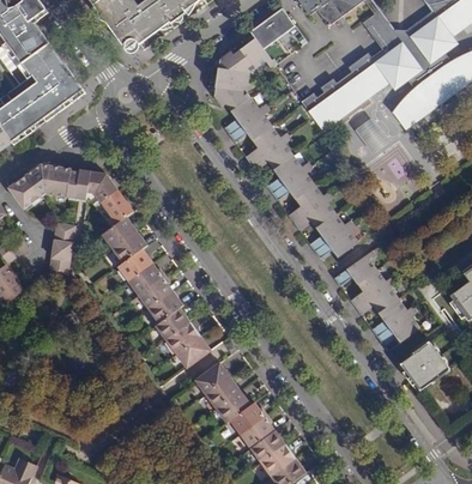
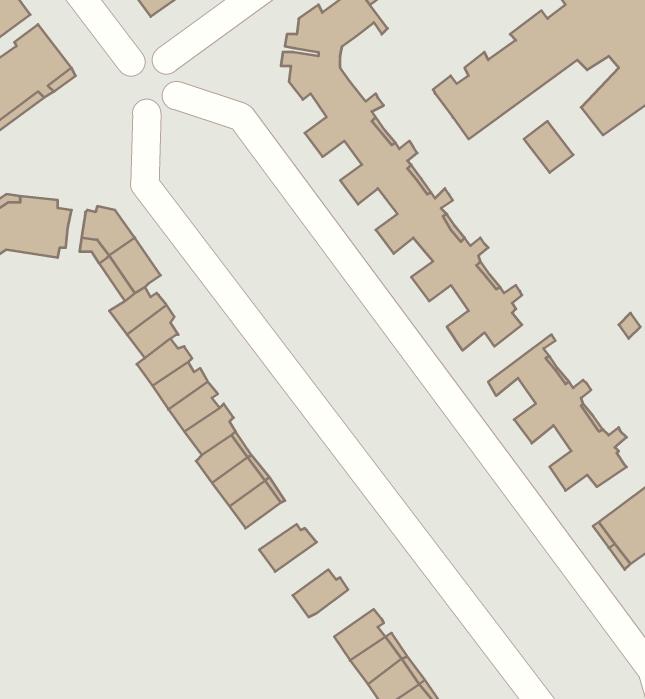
building: [47,223,73,278] -> none
building: [205,375,237,407] -> none
building: [230,403,265,432] -> none

